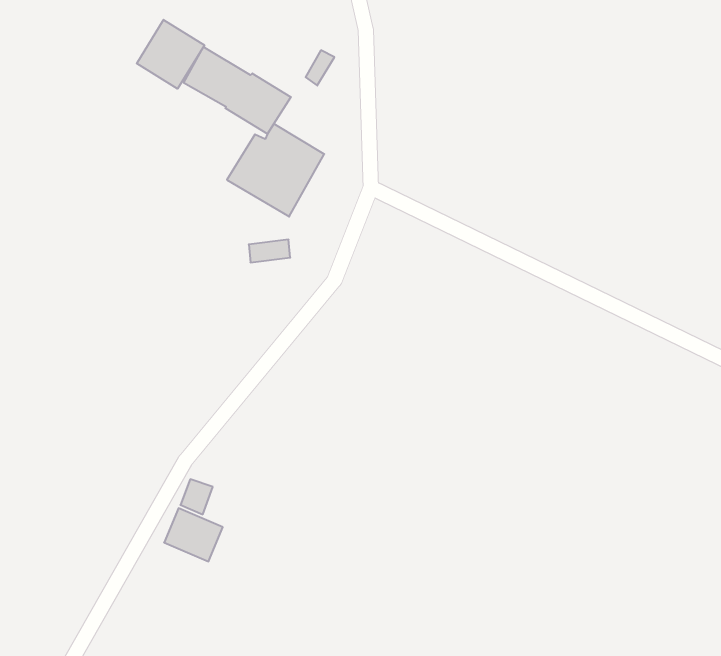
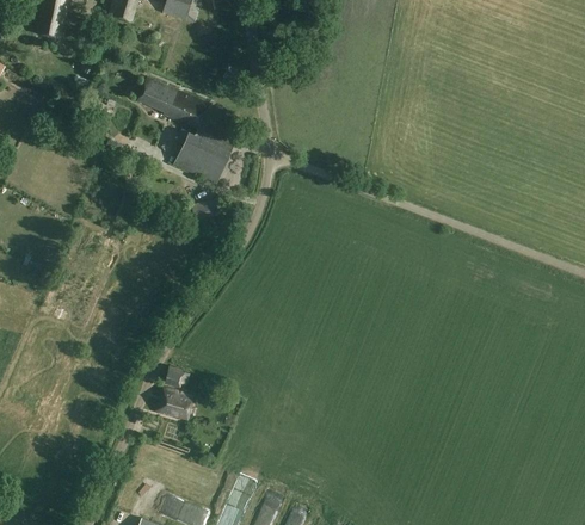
building: [137,20,204,89] -> none

